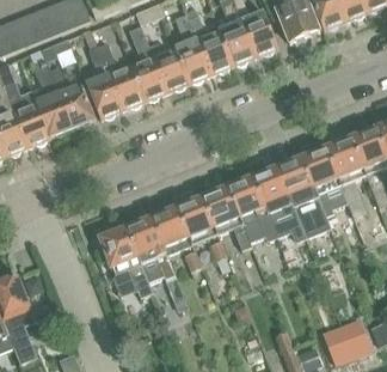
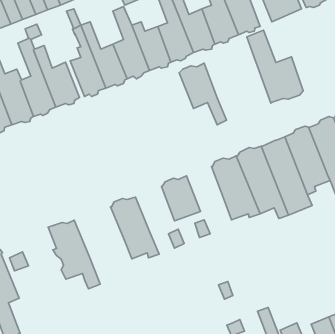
building: none -> [247,30,303,103]
building: [202,188,250,250] -> [179,63,227,125]
building: [150,208,190,254] -> none
building: [99,228,152,298] -> [48,220,100,289]

